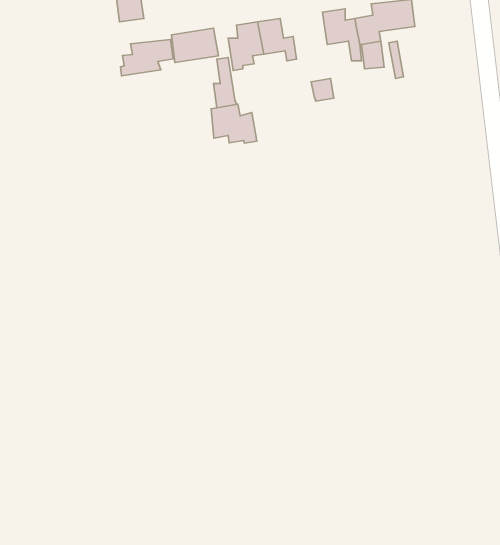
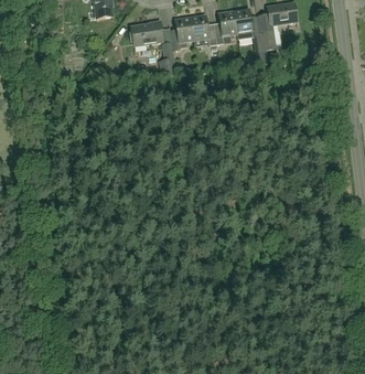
building: none -> [213,11,236,43]
building: [120,39,173,76] -> none
building: [211,104,257,143] -> none

